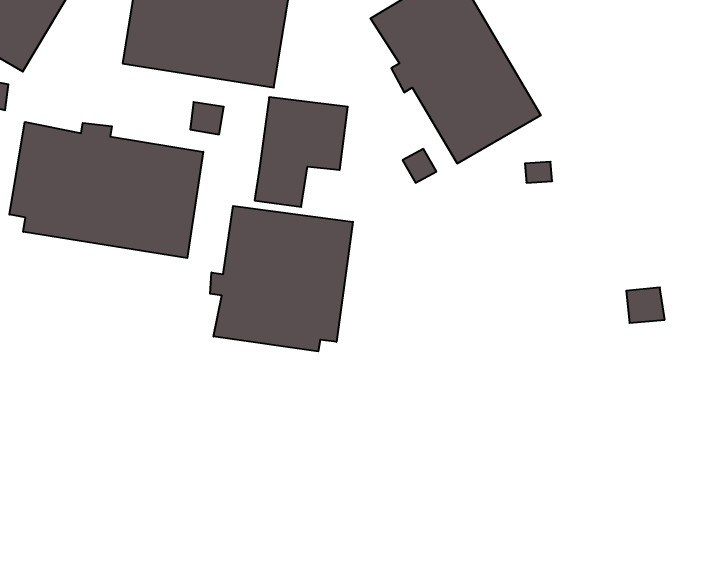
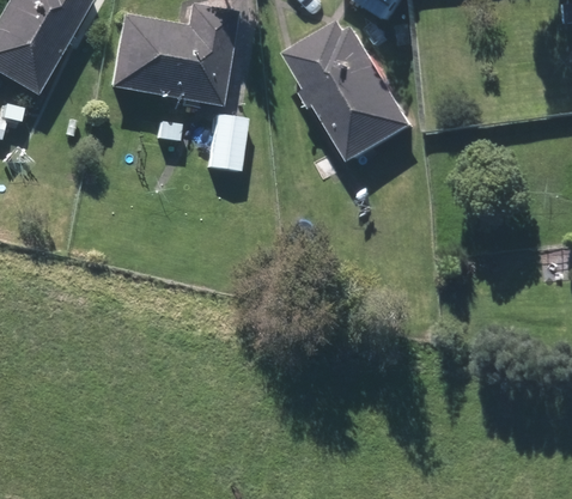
building: [9,122,203,258] -> none
building: [210,206,353,351] -> none

